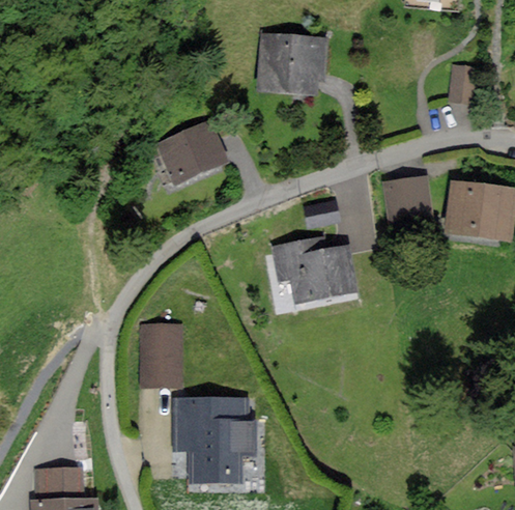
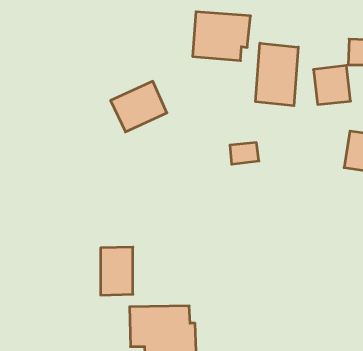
building: none -> [256,43,298,106]
building: [384,177,431,226] -> [313,65,351,104]
building: [274,237,356,304] -> none

